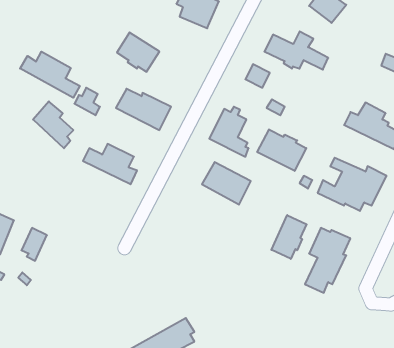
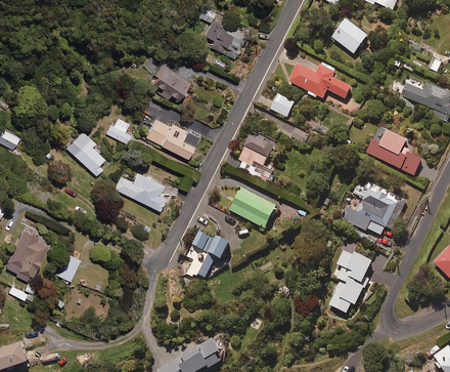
building: [20,52,80,98] -> none
building: [257,129,306,171] -> none
building: none -> [187,231,232,277]
building: [271,215,307,259] -> none

